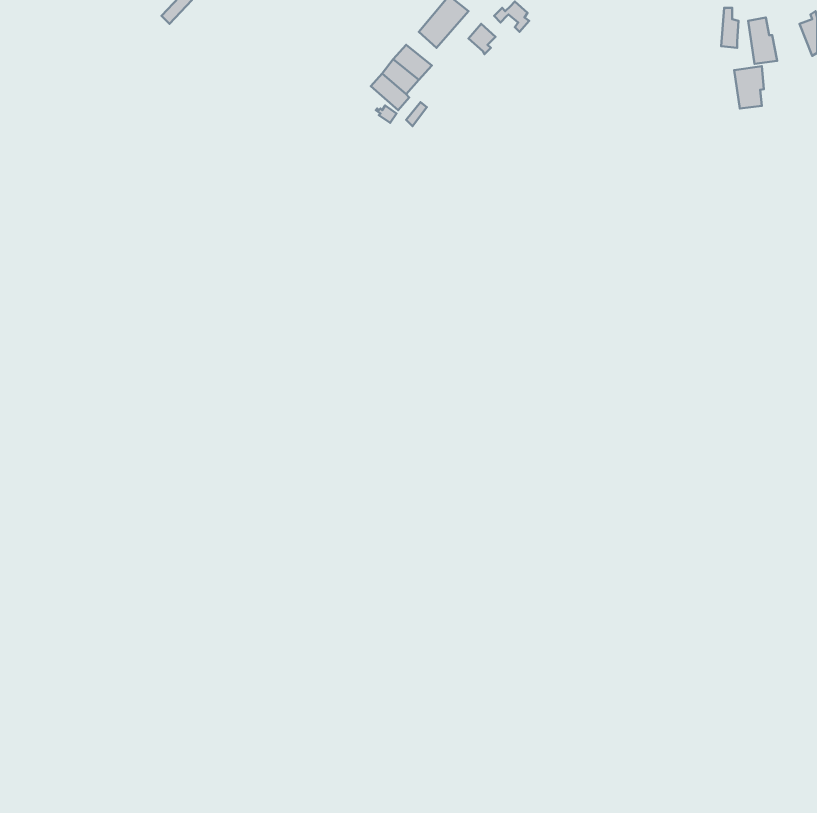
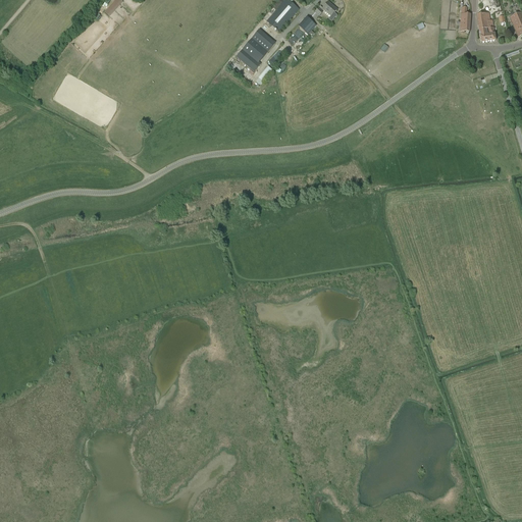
building: [734,66,764,109] -> none

